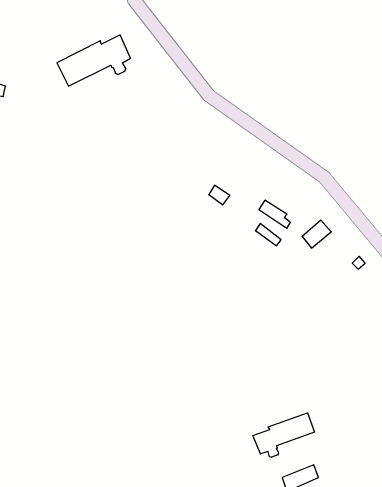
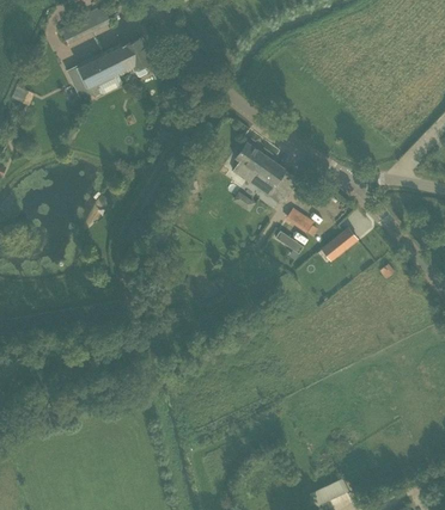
building: none -> [232,142,297,204]
building: [253,413,314,457] -> none

